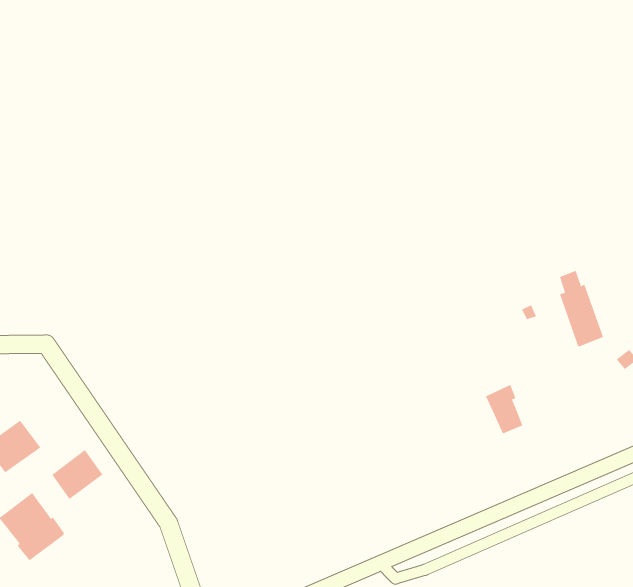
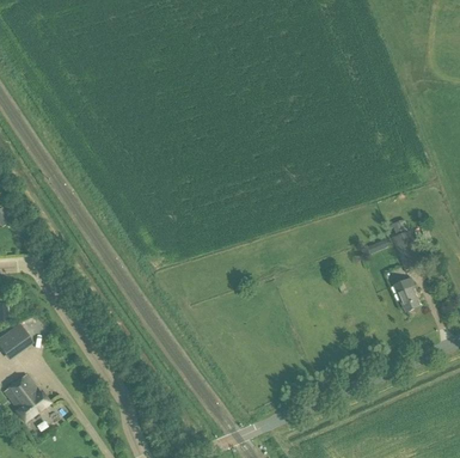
building: [485,384,523,434] -> [393,276,419,311]
building: [51,449,103,500] -> none

